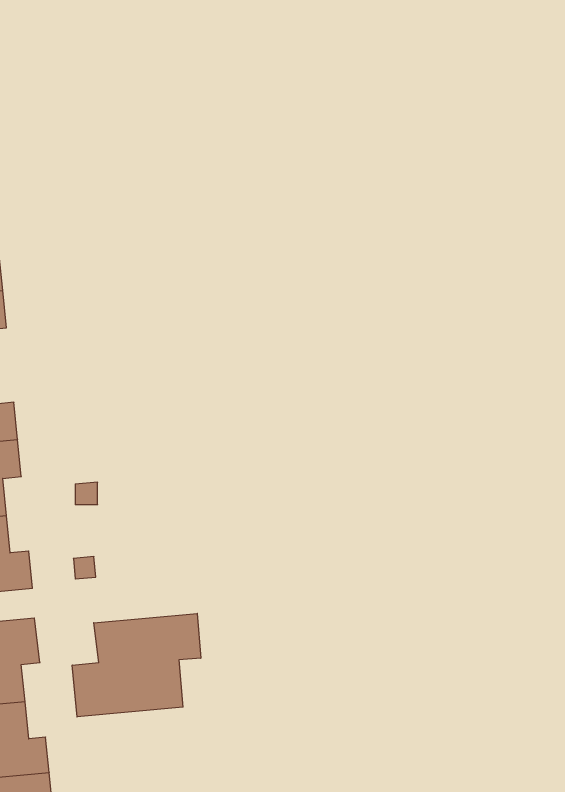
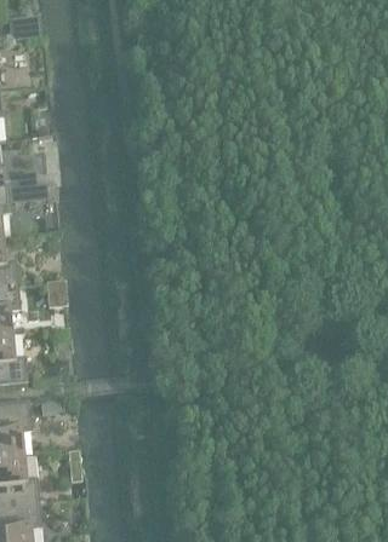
building: [72,613,201,717] -> none

